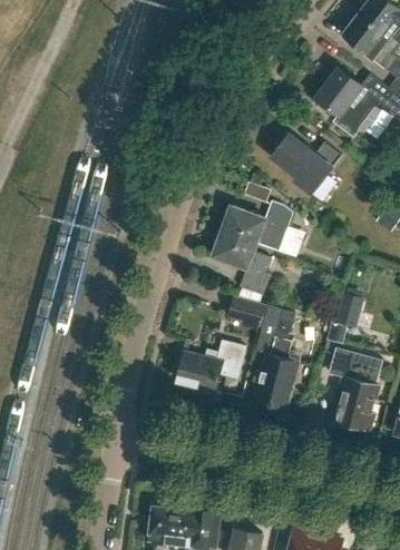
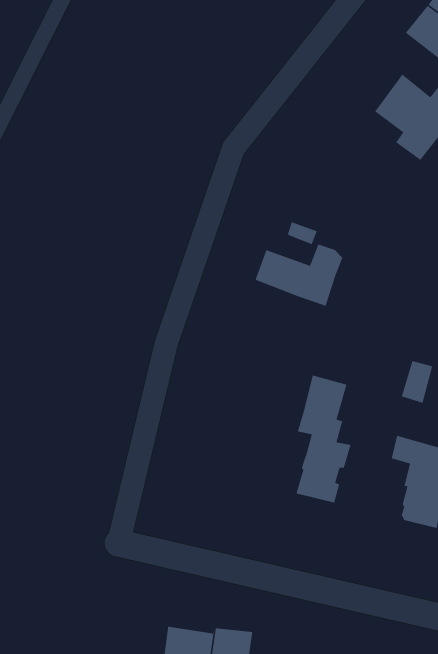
building: [271,134,342,195] -> none
building: [212,230,270,295] -> none
building: [226,296,267,332] -> none
building: [175,341,246,395] -> none

